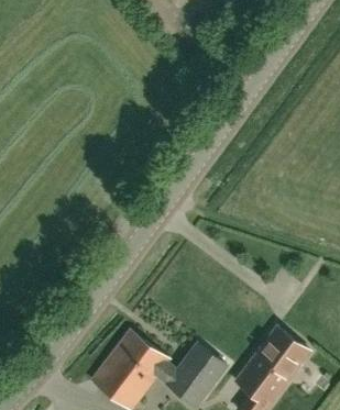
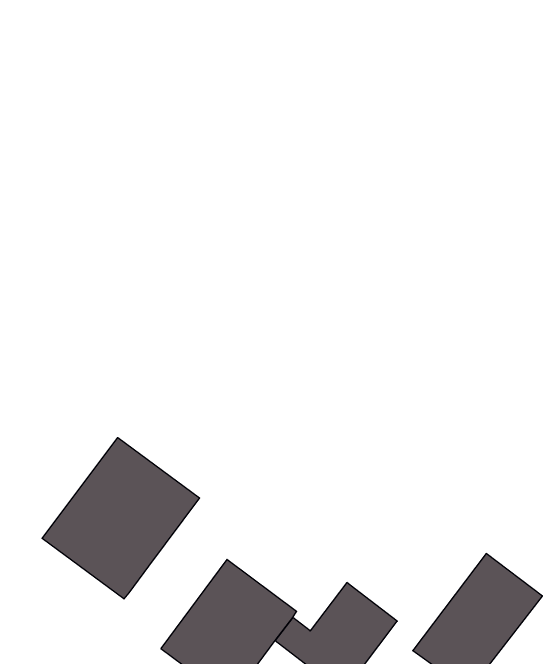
building: none -> [42,438,200,599]

